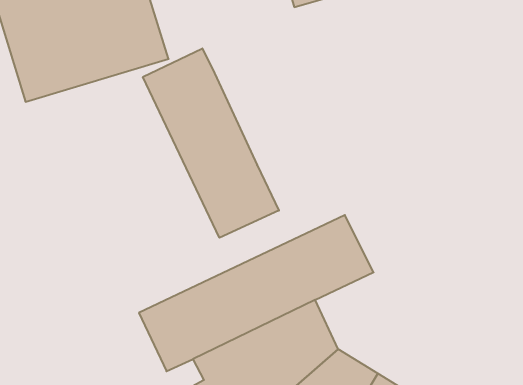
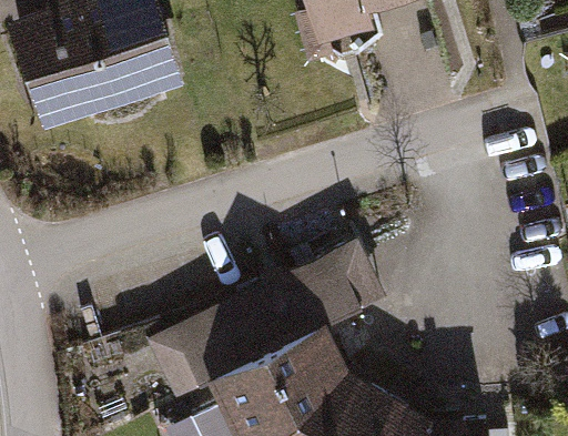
building: [143,48,279,238] -> none

